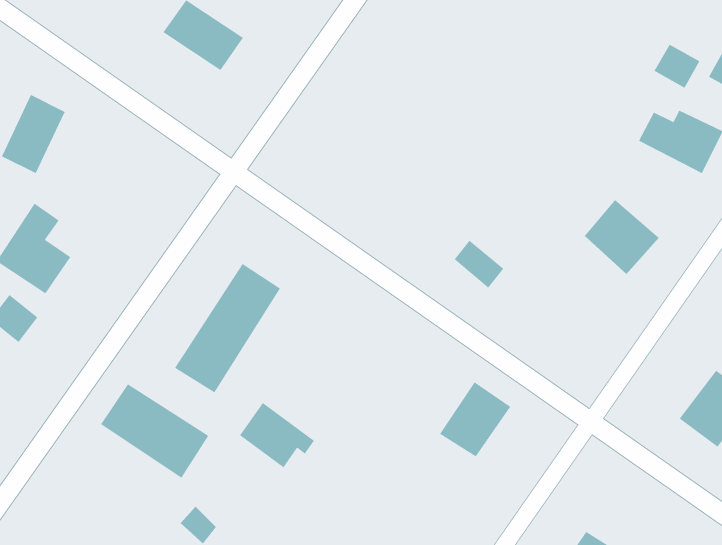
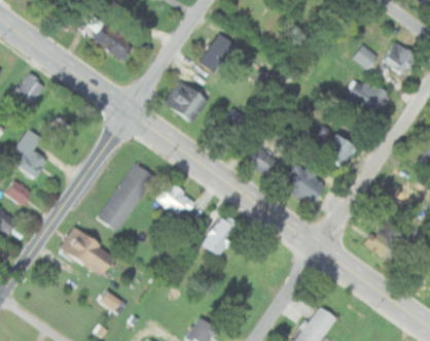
building: none -> [200,34,238,74]
building: none -> [165,81,209,123]
building: none -> [283,164,326,206]
building: [439,382,511,457] -> [203,216,241,257]
building: [239,402,315,468] -> [155,181,195,216]

